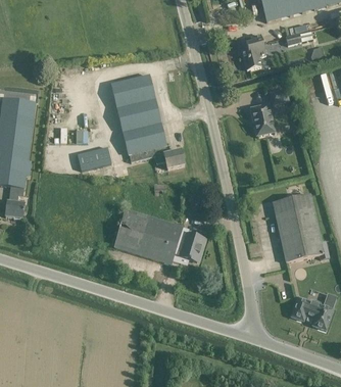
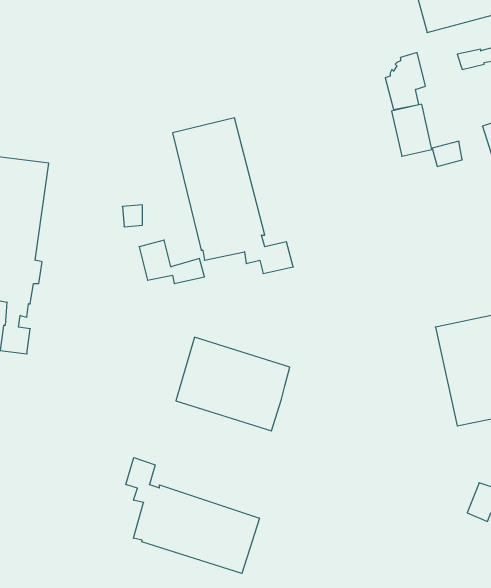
building: [250,103,275,135] -> [392,104,432,156]
building: [178,232,206,261] -> none
building: none -> [126,458,259,573]

